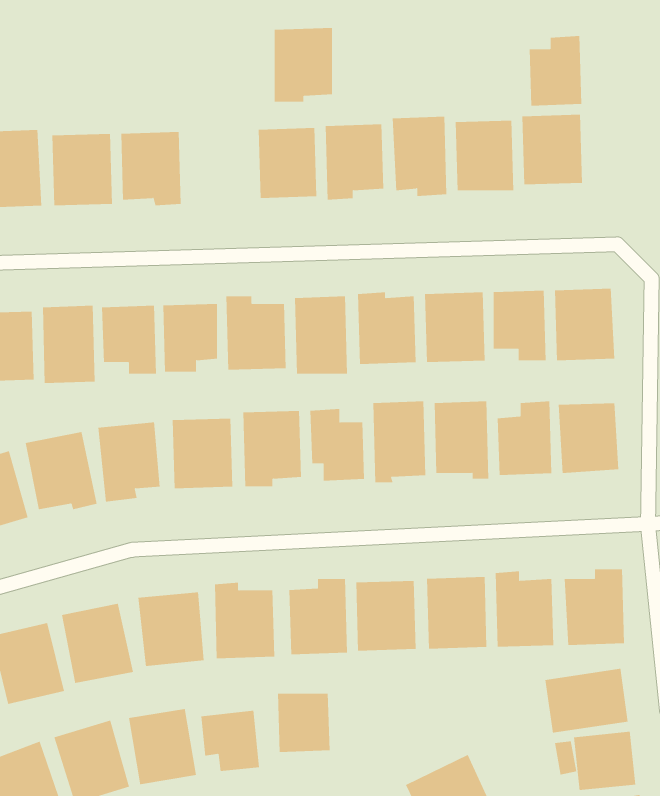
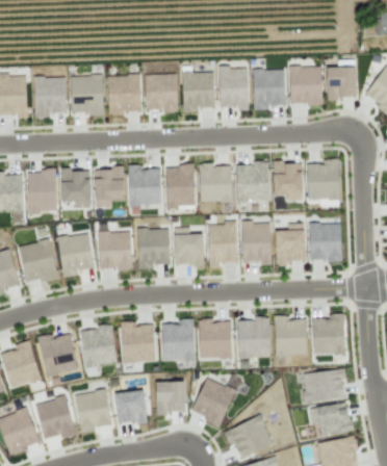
building: [274,28,333,102] -> [108,74,140,114]
building: [529,35,582,106] -> [327,59,356,98]
building: none -> [191,377,241,424]

